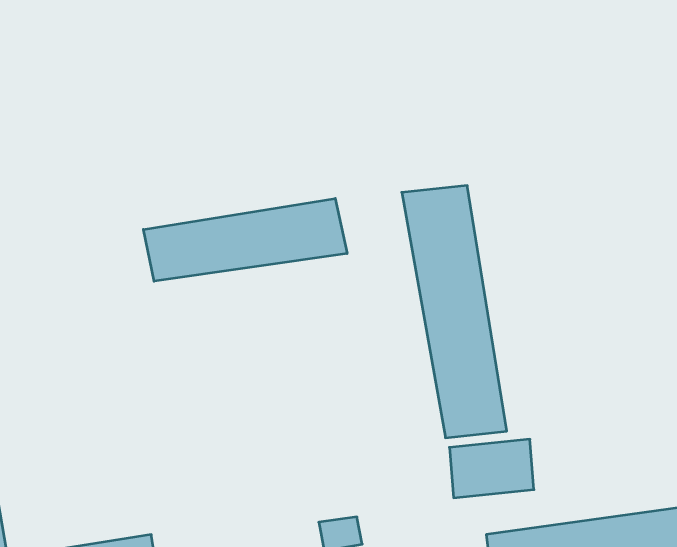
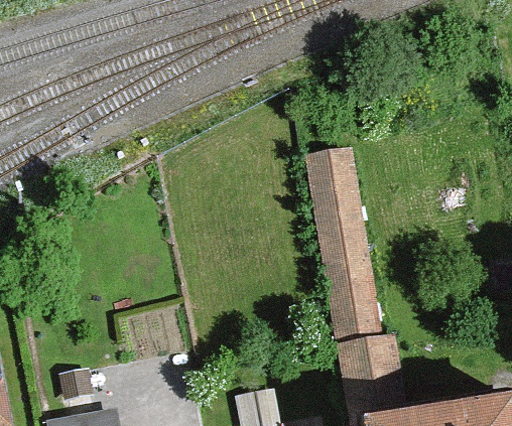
building: [143,198,347,281] -> none

